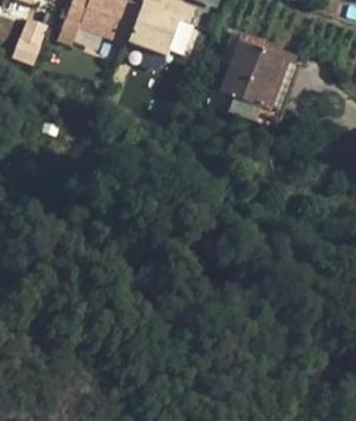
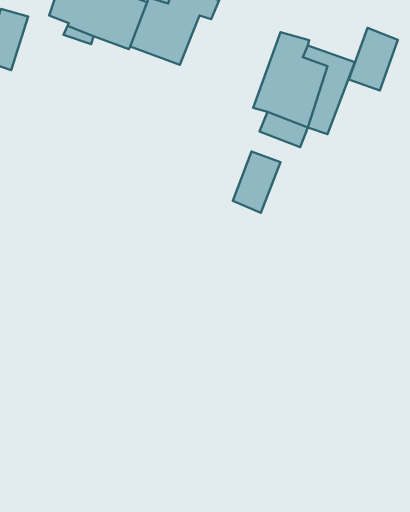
building: none -> [349,28,398,90]
building: none -> [233,151,281,213]

